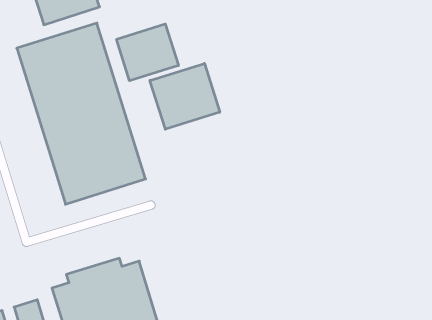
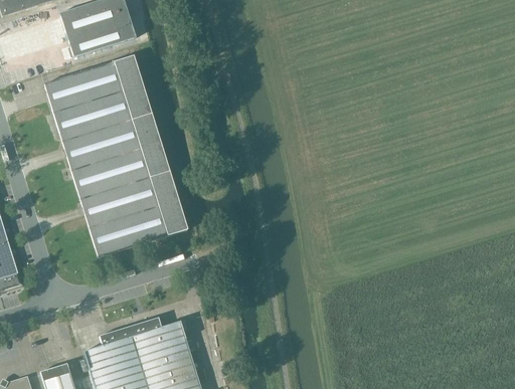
building: [117,24,178,81] -> none
building: [150,63,220,129] -> none

